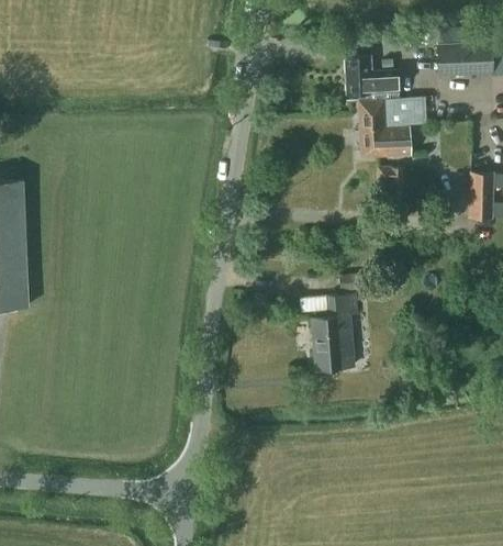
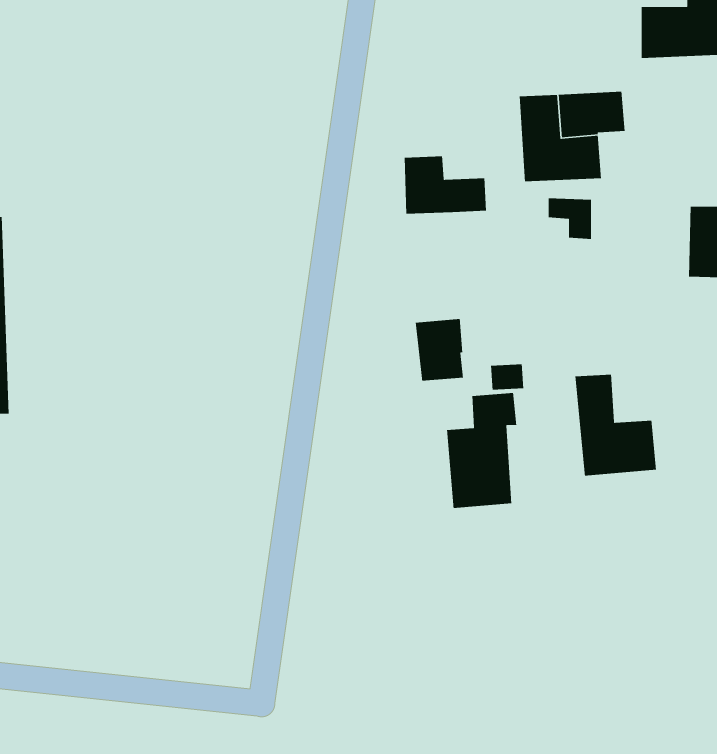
building: [345,57,399,96] -> [404,155,487,215]
building: none -> [415,318,464,382]
building: none -> [575,374,657,476]

